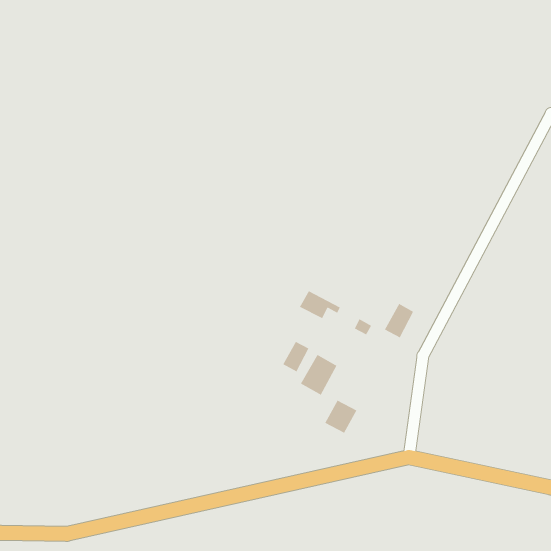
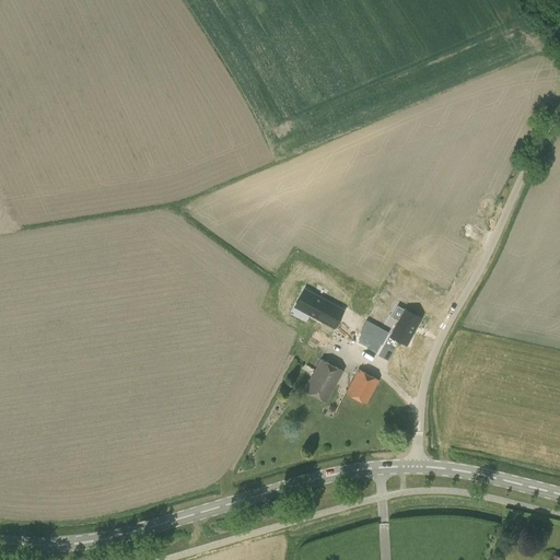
building: [282,341,309,373] -> none
building: [324,399,358,434] -> [345,369,378,404]

